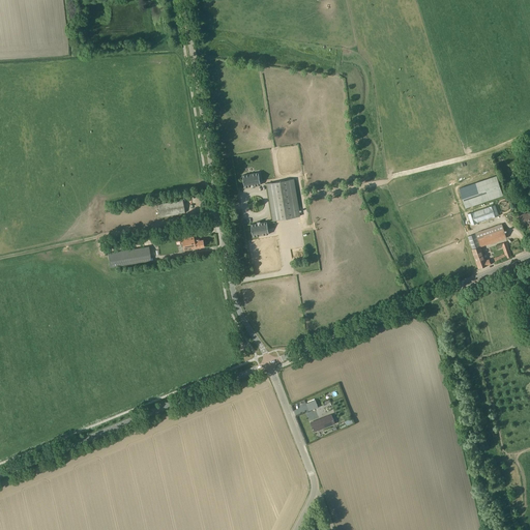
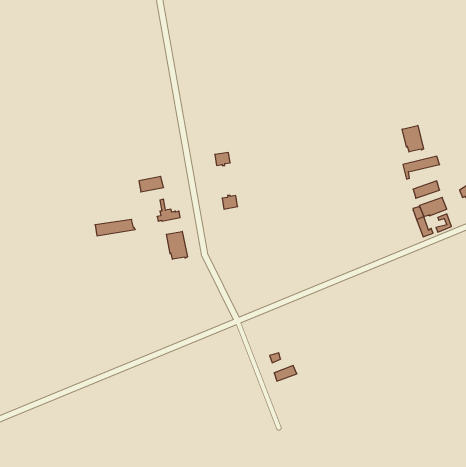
building: none -> [402,125,424,152]
building: [269,179,300,220] -> none
building: none -> [166,231,187,259]

